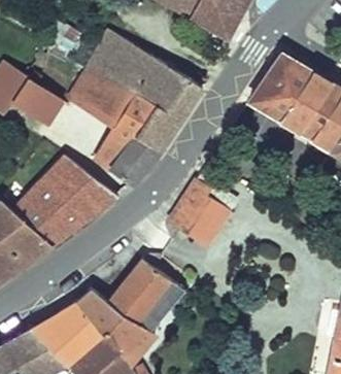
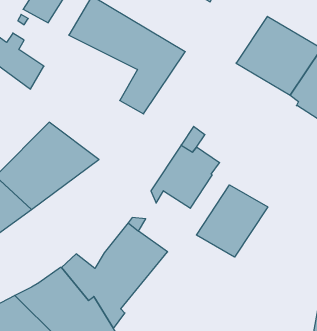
building: [78,72,160,185] -> none
building: none -> [196,185,268,257]

